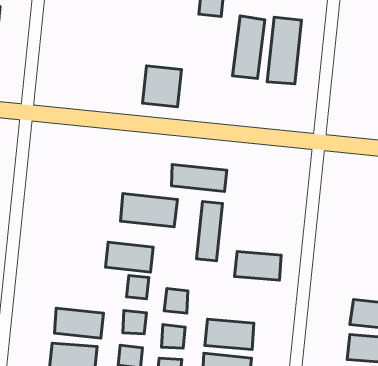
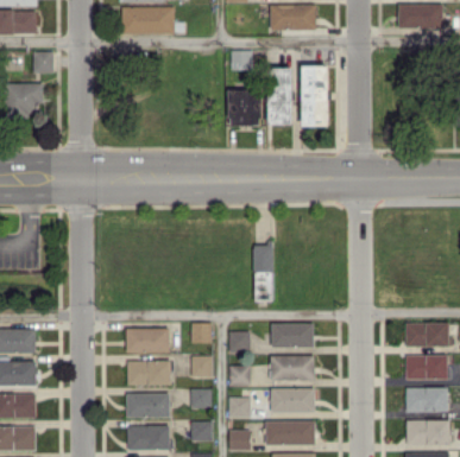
building: [143,66,182,107] -> [228,90,261,126]
building: [171,164,227,192] -> none
building: [121,193,178,227] -> none
building: [106,242,153,272] -> [126,329,169,353]
building: [235,252,281,280] -> [271,323,314,348]

